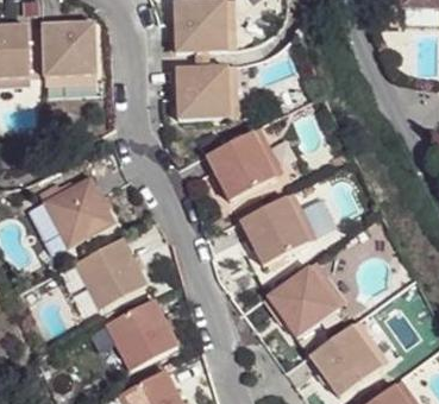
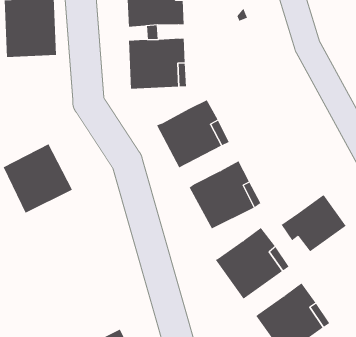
building: none -> [281,194,346,252]
building: [74,236,148,310] -> none
building: [105,298,177,370] -> none

